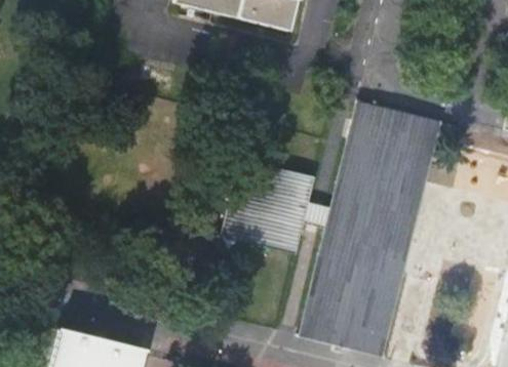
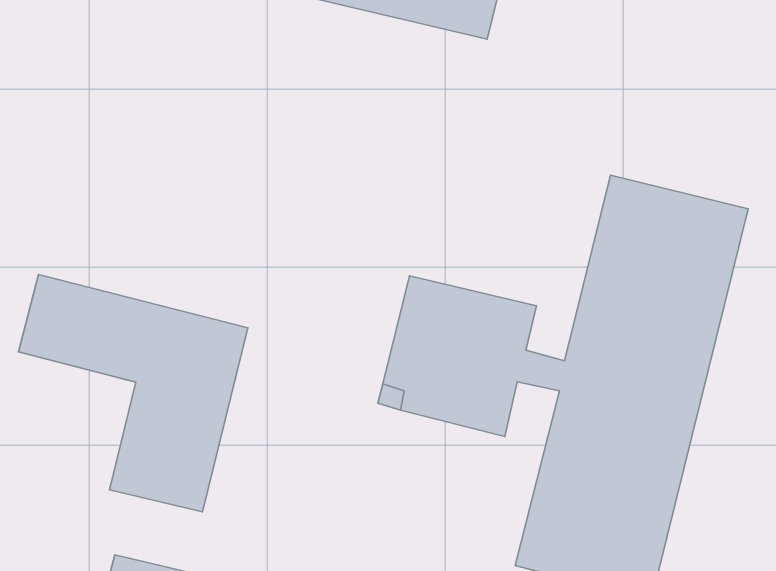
building: none -> [18,274,248,512]

